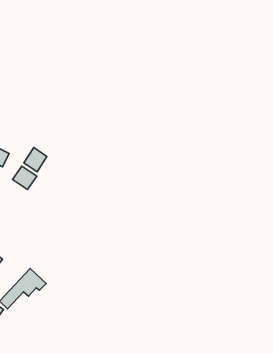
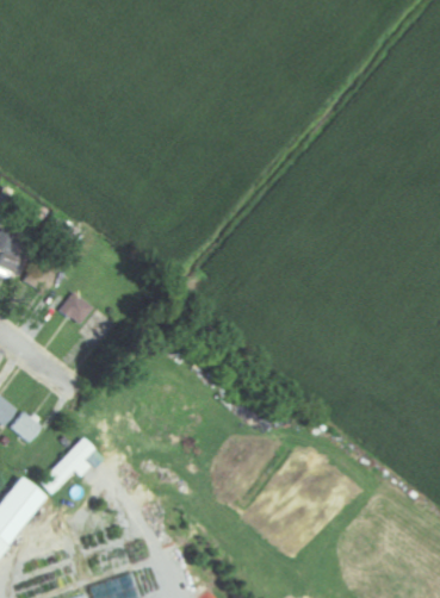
building: [24,148,47,172] -> none

